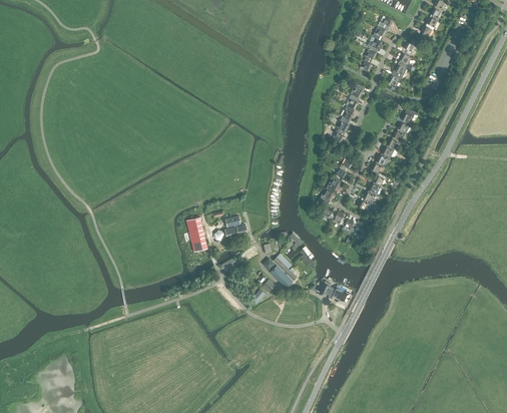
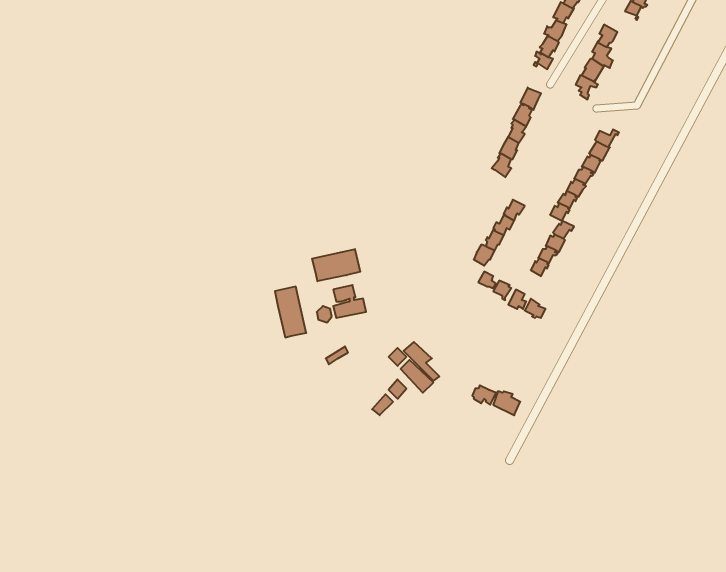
building: none -> [312,249,360,281]

